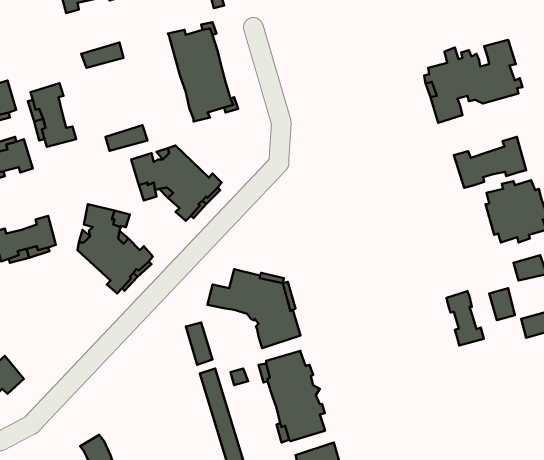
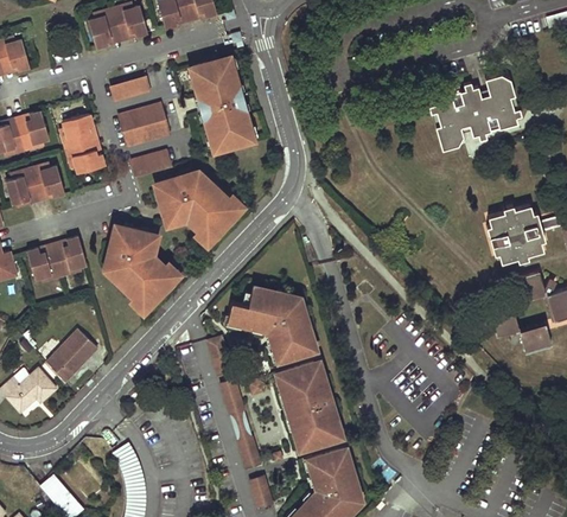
building: none -> [120,106,170,146]
building: [454,137,526,188] -> none
building: [447,291,484,346] -> none
building: none -> [46,330,98,383]

